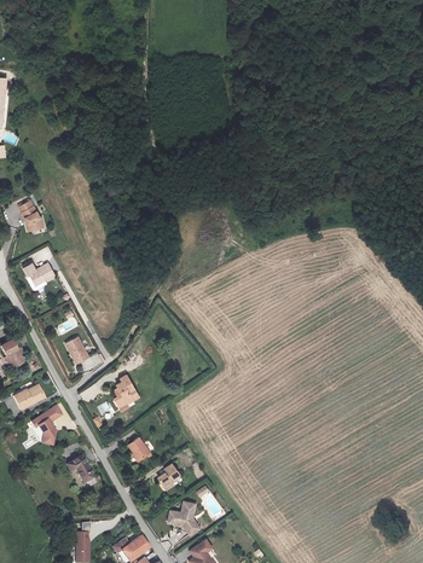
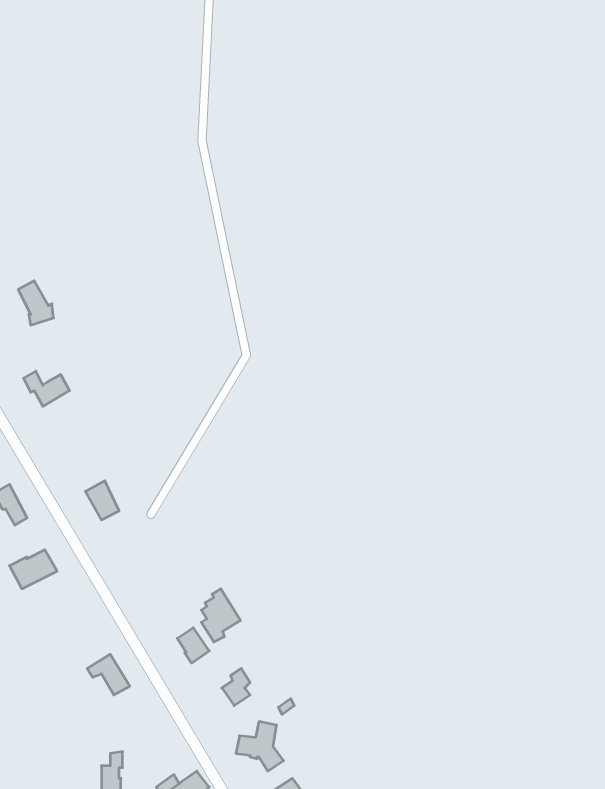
building: [114,375,140,411] -> [201,589,240,642]
building: [30,404,63,443] -> none

